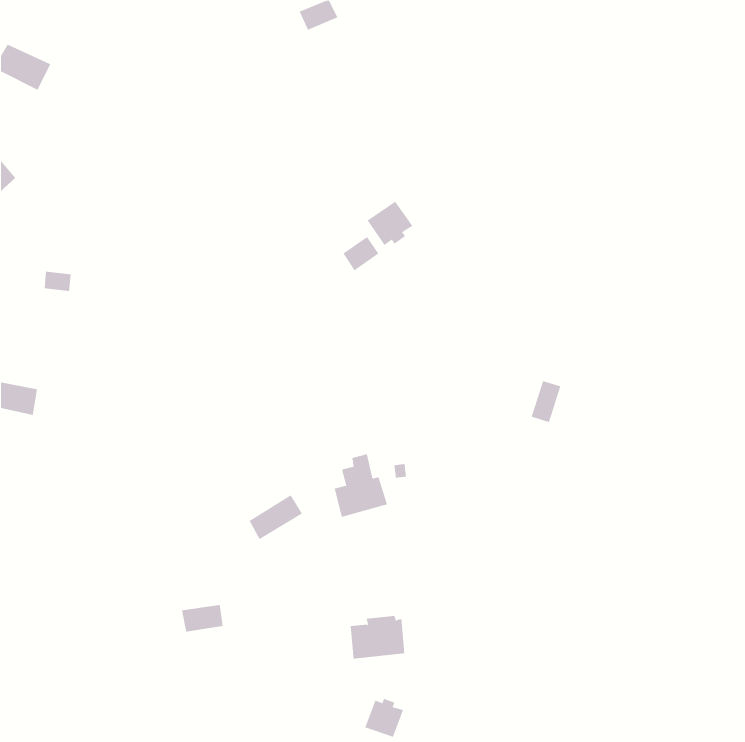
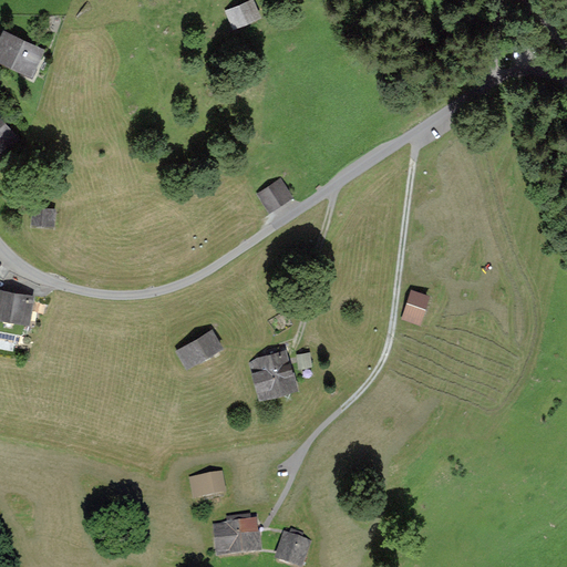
building: [367,201,413,246] -> none
building: [249,495,303,540] -> [178,332,219,367]
building: [181,604,224,632] -> [190,474,223,495]
building: [350,616,405,659] -> [215,517,257,550]

